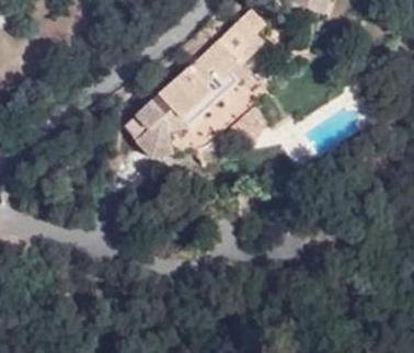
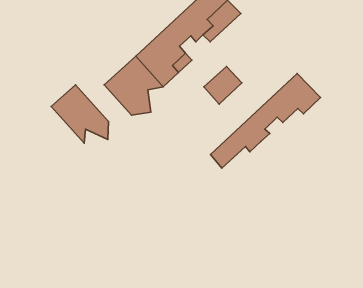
building: none -> [211,74,321,168]
building: none -> [51,85,109,143]

